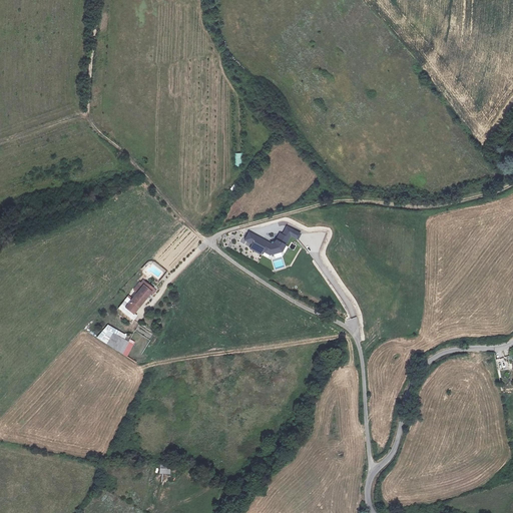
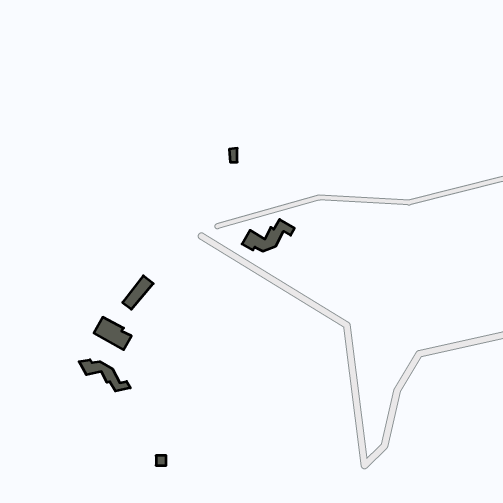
building: none -> [79,360,130,391]

